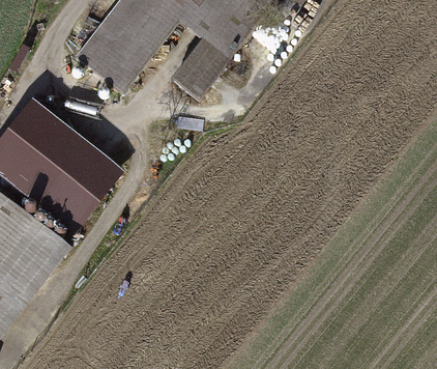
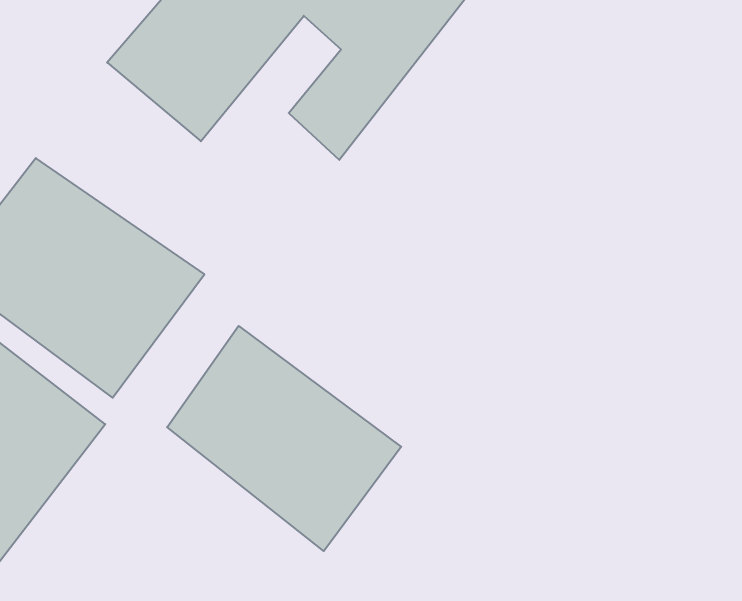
building: none -> [167,326,401,551]

